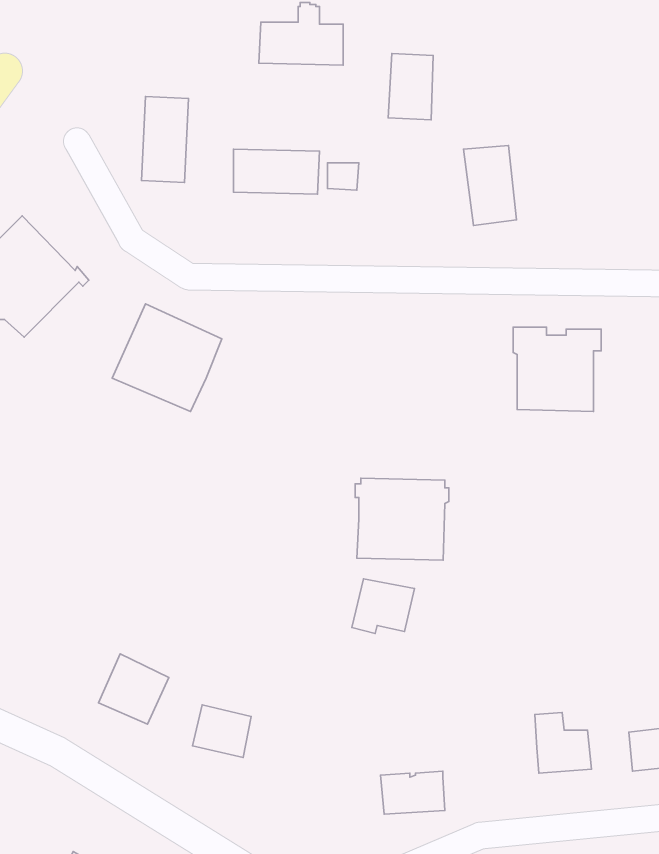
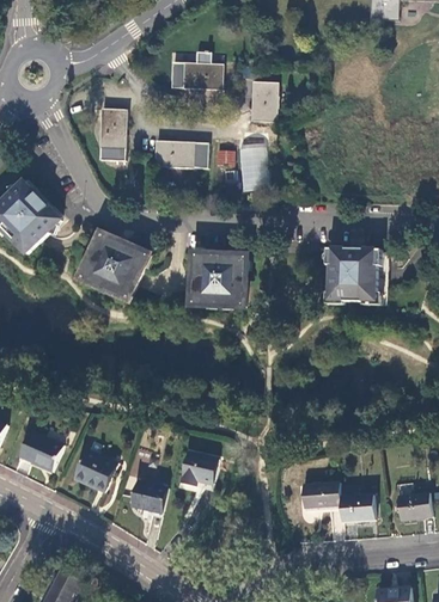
building: [464,145,516,226] -> [234,140,267,189]
building: [355,478,449,560] -> [190,256,248,306]
building: [352,579,414,633] -> [179,452,218,485]
building: none -> [19,430,61,468]
building: [380,771,445,814] -> [301,481,341,508]

